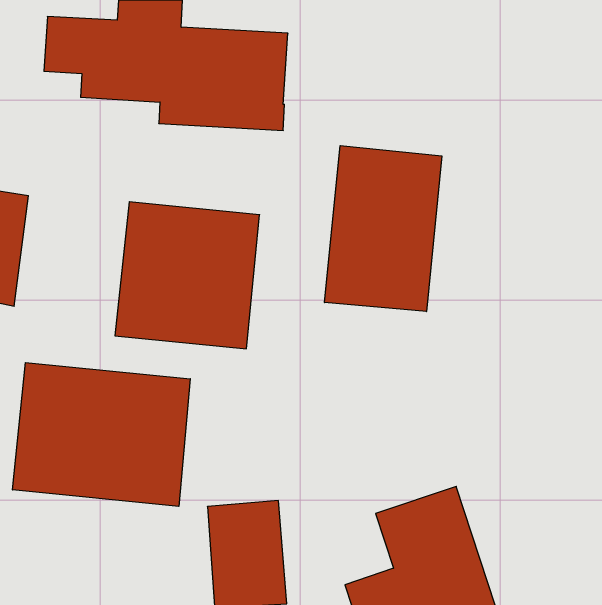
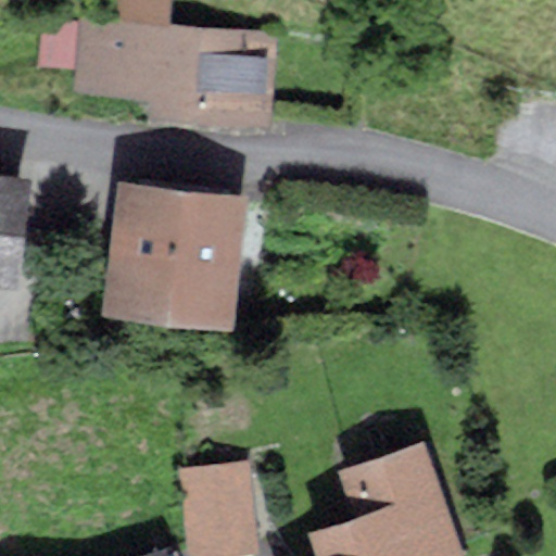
building: [325,146,442,312] -> none
building: [13,363,190,506] -> none

